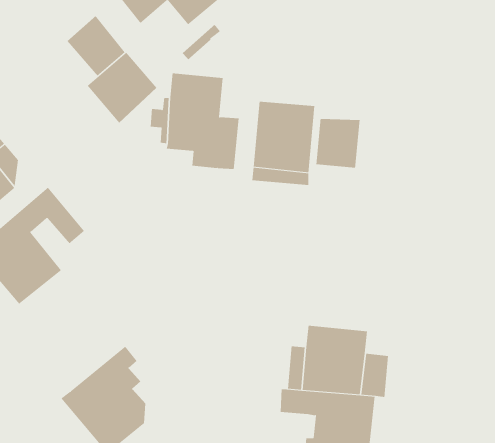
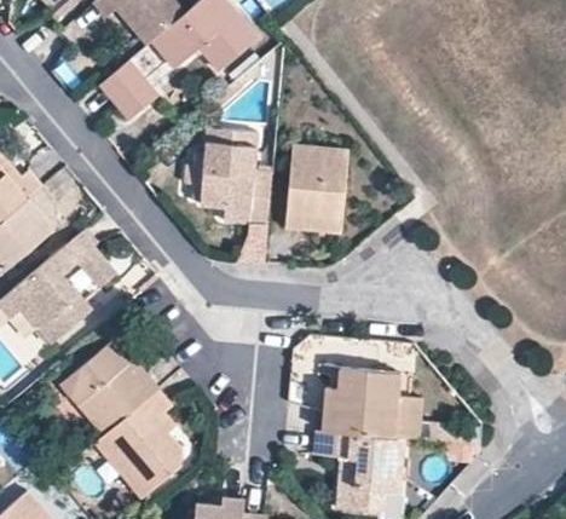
building: [87,52,157,123] -> none
building: [316,118,360,168] -> none
building: none -> [64,341,158,433]

